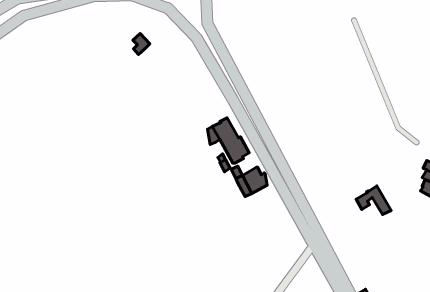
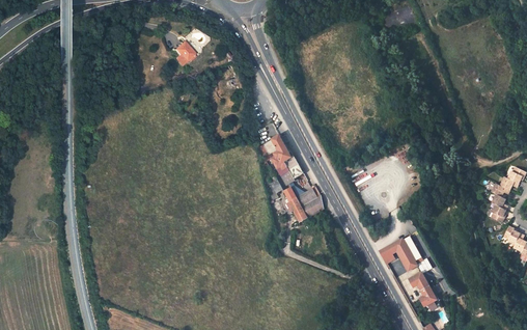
building: [356,186,391,214] -> [380,238,418,269]
building: none -> [410,272,438,305]

